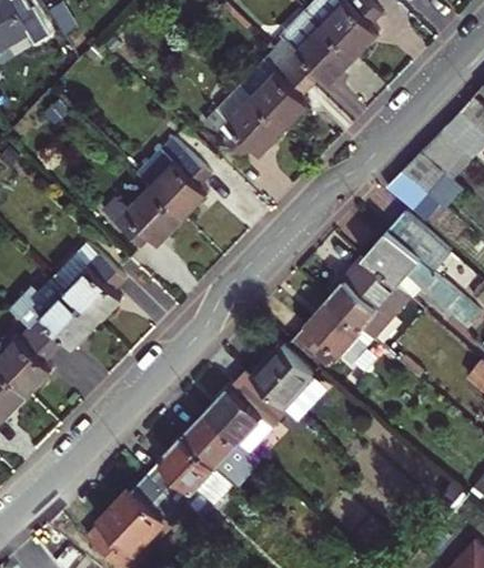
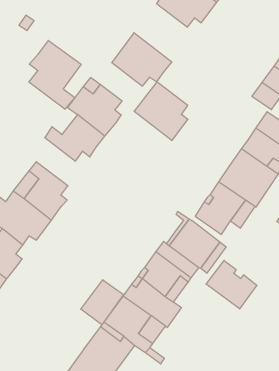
building: [239,49,312,130] -> [134,82,188,140]
building: none -> [29,40,81,109]
building: none -> [206,260,257,309]
building: none -> [81,280,124,325]

